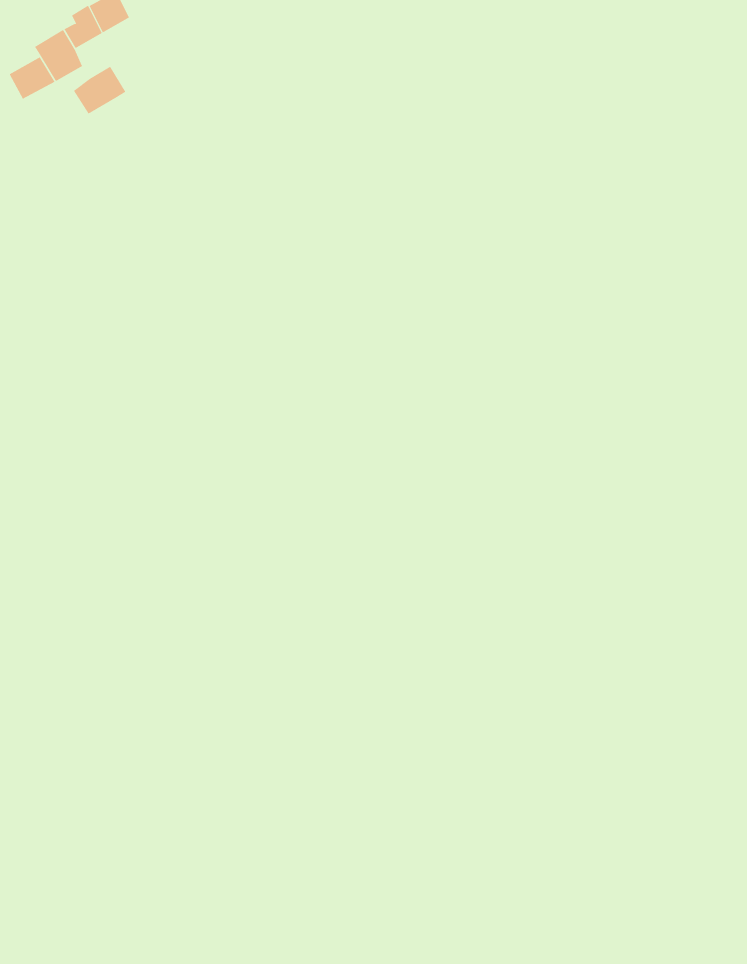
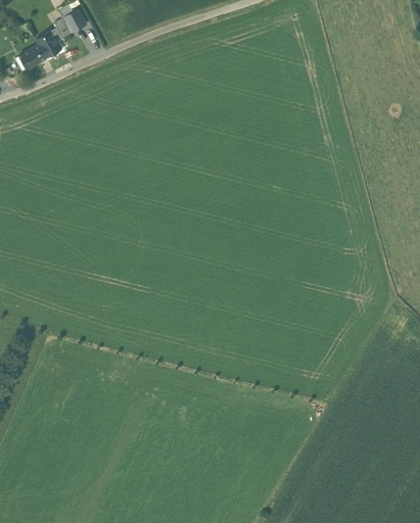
building: [73,66,126,115] -> none

